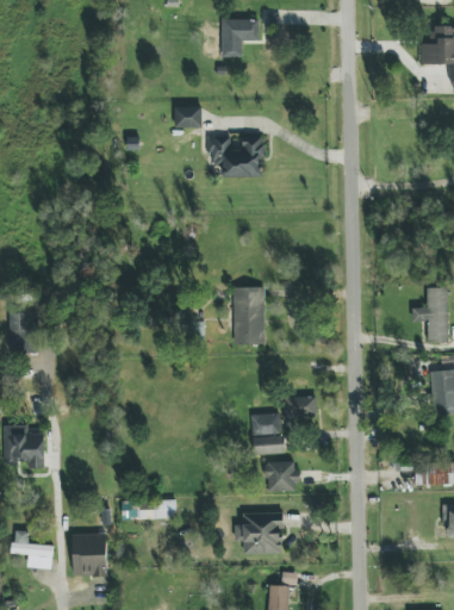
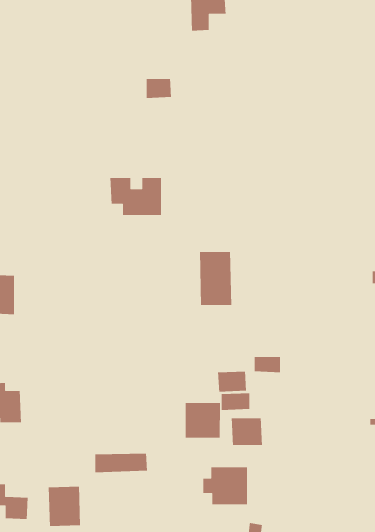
building: [207,136,262,176] -> [110,177,162,216]
building: none -> [185,402,221,439]

